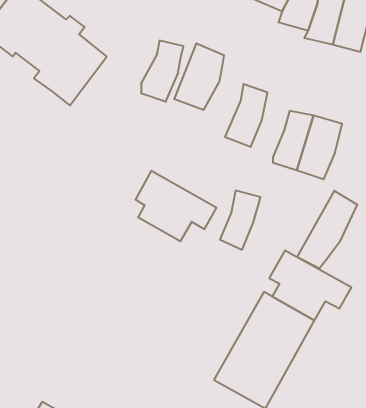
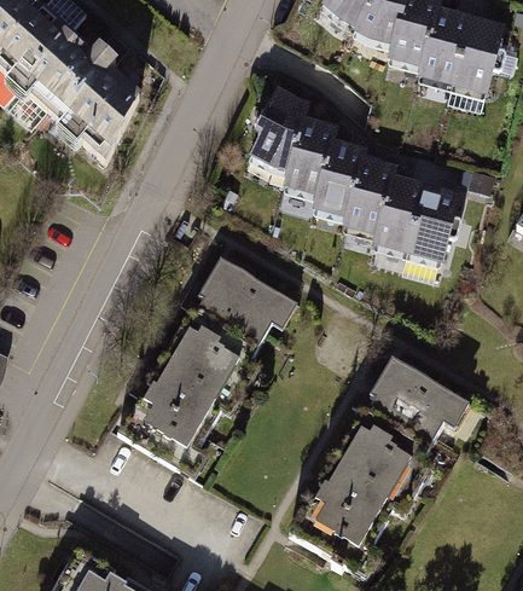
building: [141,41,183,102] -> [284,118,339,198]
building: [220,191,261,250] -> [345,158,399,236]
building: [297,191,357,269] -> none
building: none -> [121,308,254,462]

